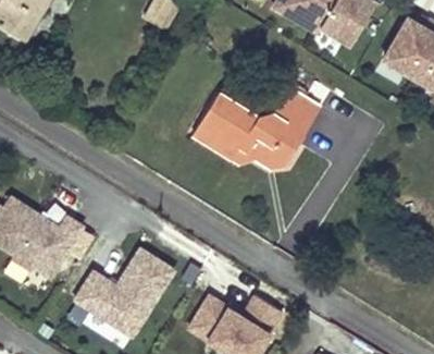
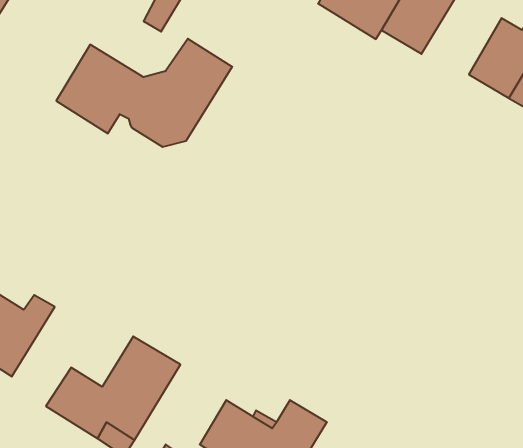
building: [194,91,323,171] -> [56,39,232,147]

